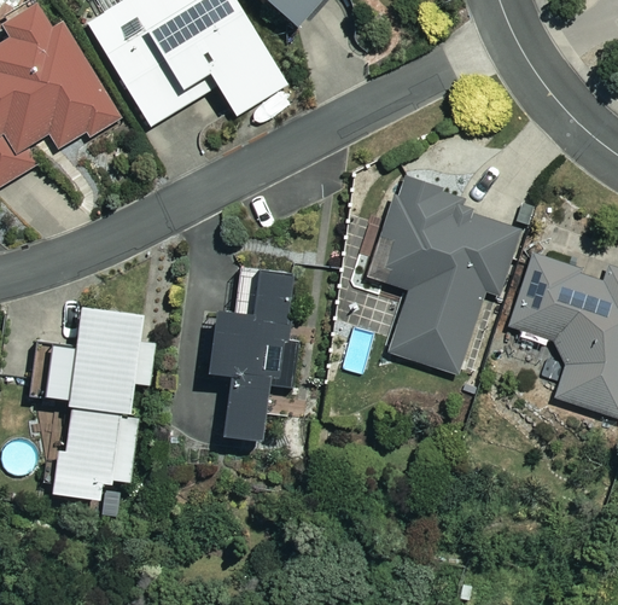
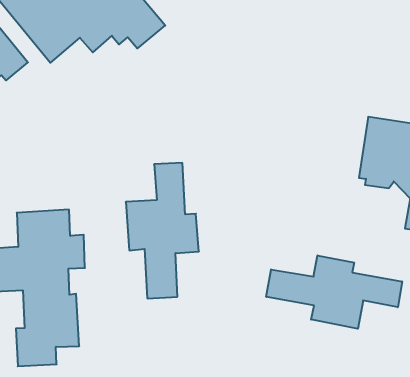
building: [367,175,520,374] -> none
building: none -> [266,255,402,329]

